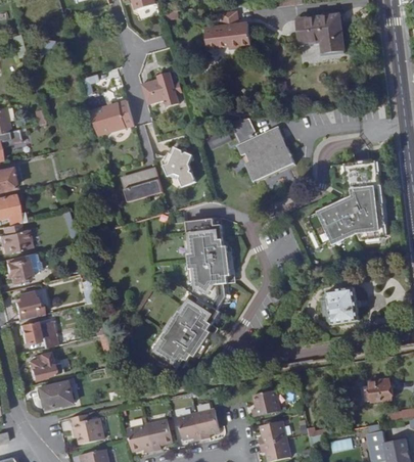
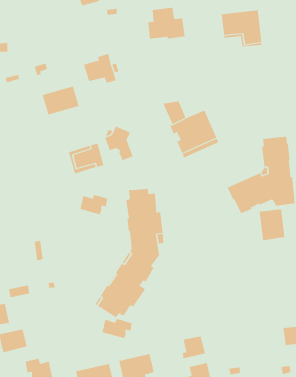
building: none -> [80,194,108,215]
building: [328,286,359,323] -> [259,209,285,241]
building: none -> [102,318,132,339]

